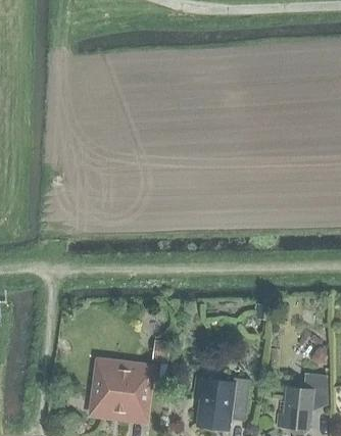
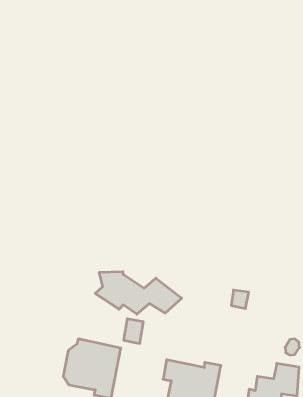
building: none -> [95,272,182,314]

